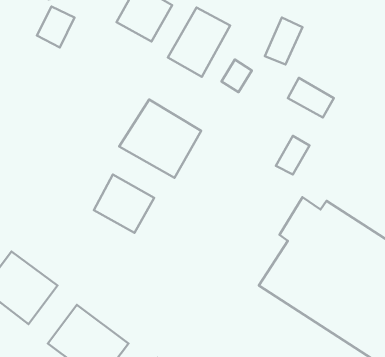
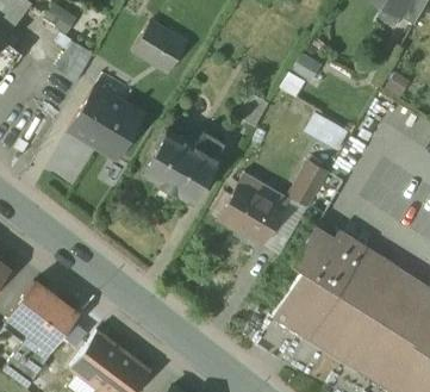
building: [168,7,230,77] -> none
building: none -> [71,88,143,160]
building: none -> [216,186,283,250]
building: [94,174,154,233] -> none

